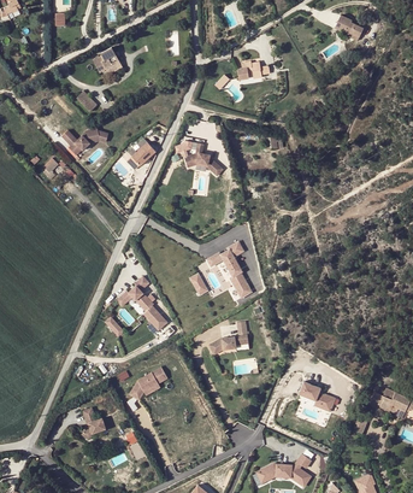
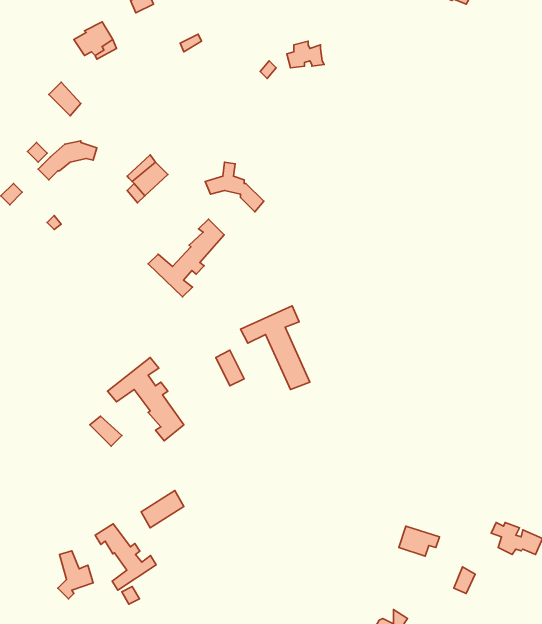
building: none -> [148,219,224,297]
building: [208,321,249,354] -> none
building: none -> [95,524,156,590]

